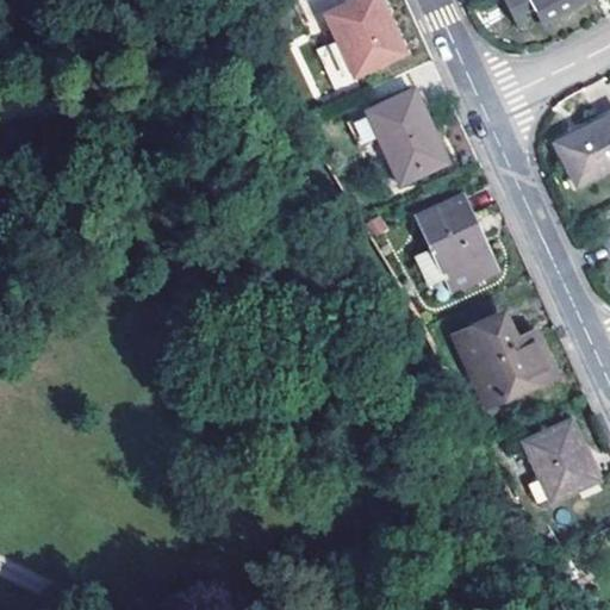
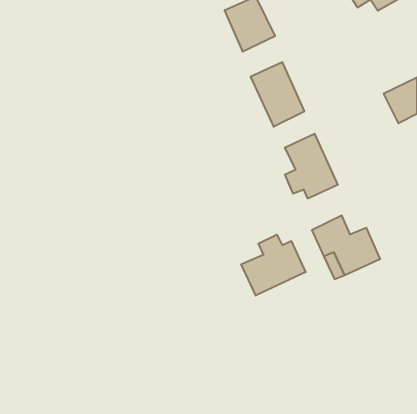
building: none -> [241,235,306,296]
building: [525,422,597,503] -> none

